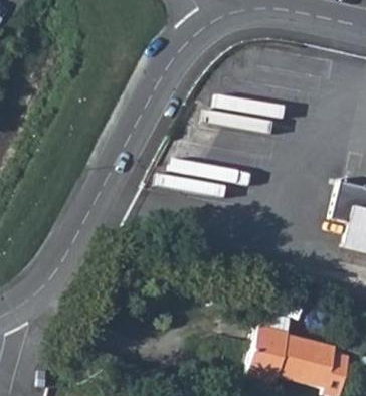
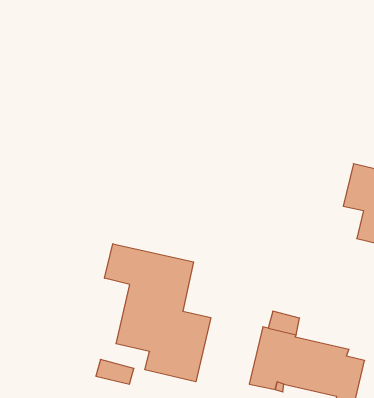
building: none -> [105,244,211,382]

